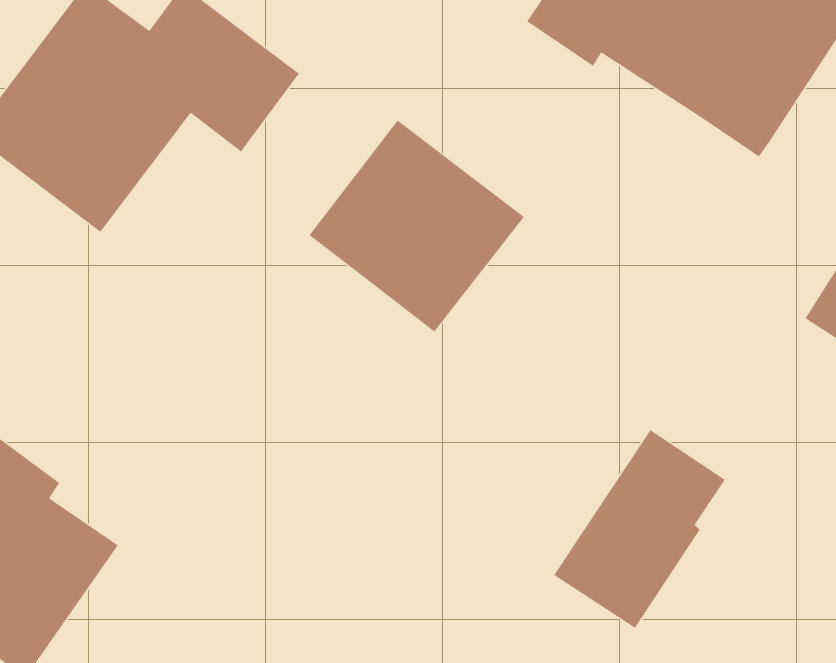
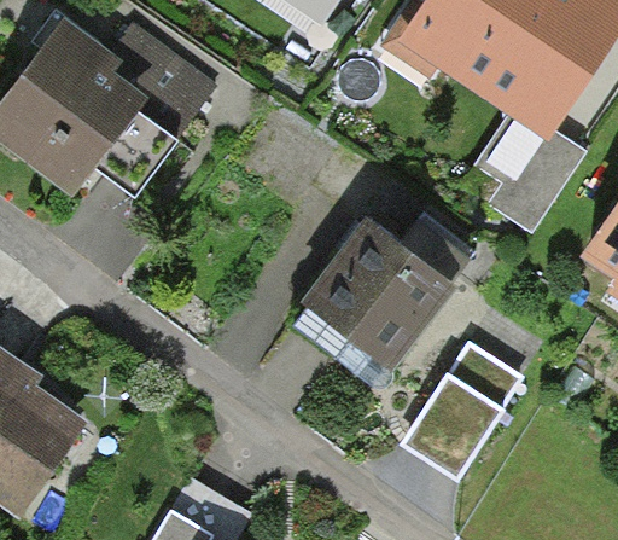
building: none -> [474,115,587,232]
building: [309,120,525,333] -> [303,222,459,376]

